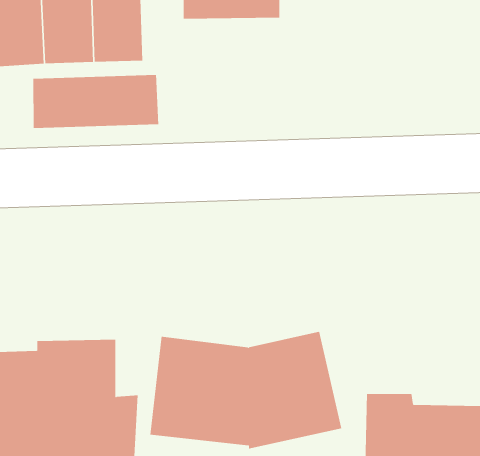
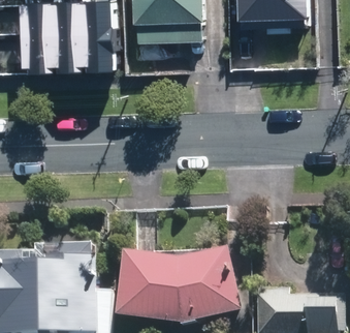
building: [33,74,159,129] -> none

